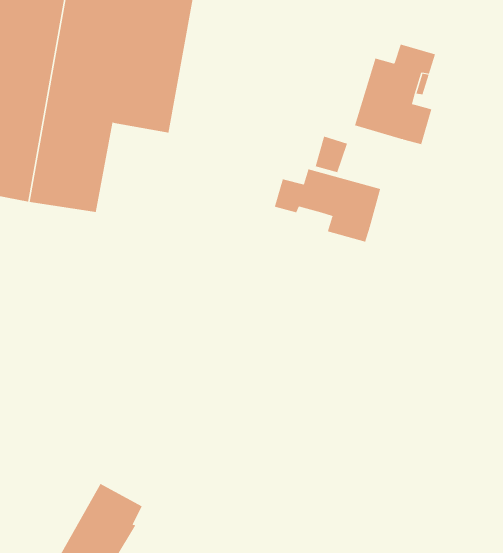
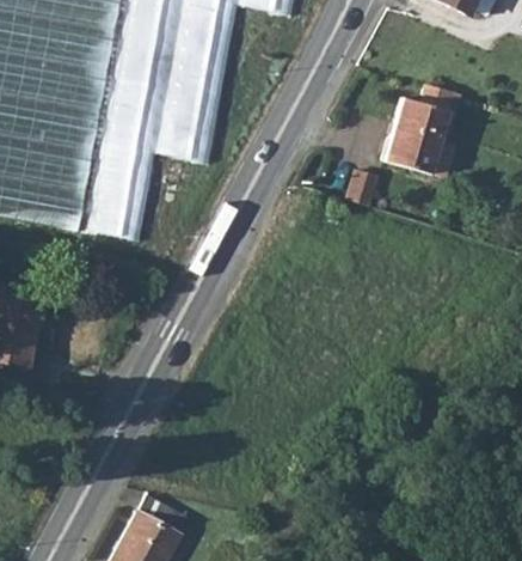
building: [274,169,381,243] -> none

